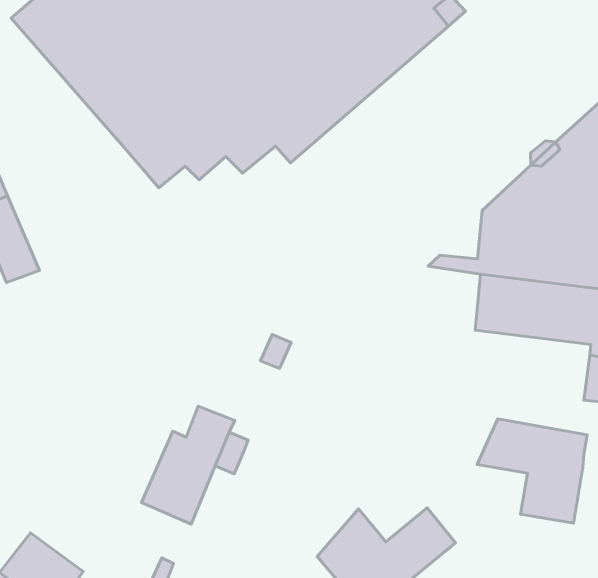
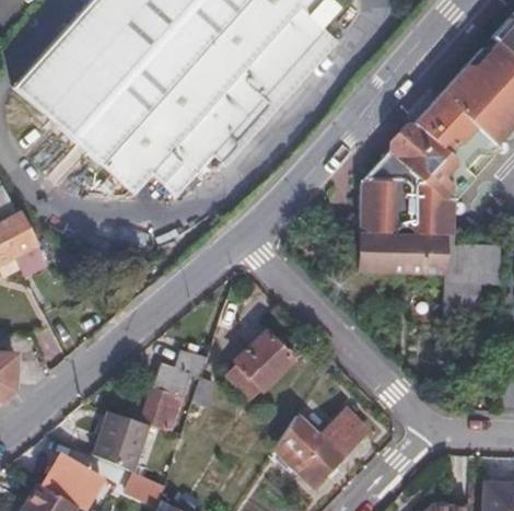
building: none -> [219,326,287,395]
building: [477,419,587,523] -> none
building: none -> [92,408,148,472]

